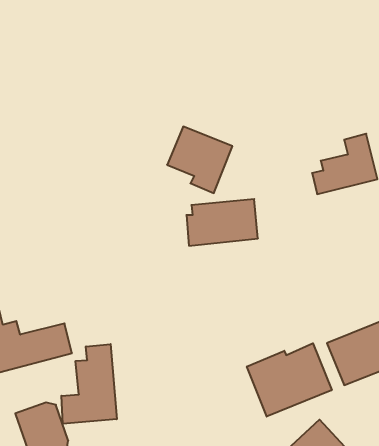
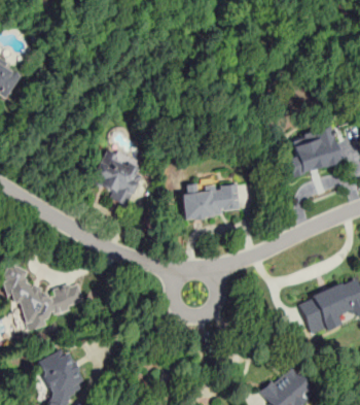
building: [167,127,232,193] -> [89,150,144,206]
building: [247,343,332,417] -> none
building: [61,344,117,424] -> none

